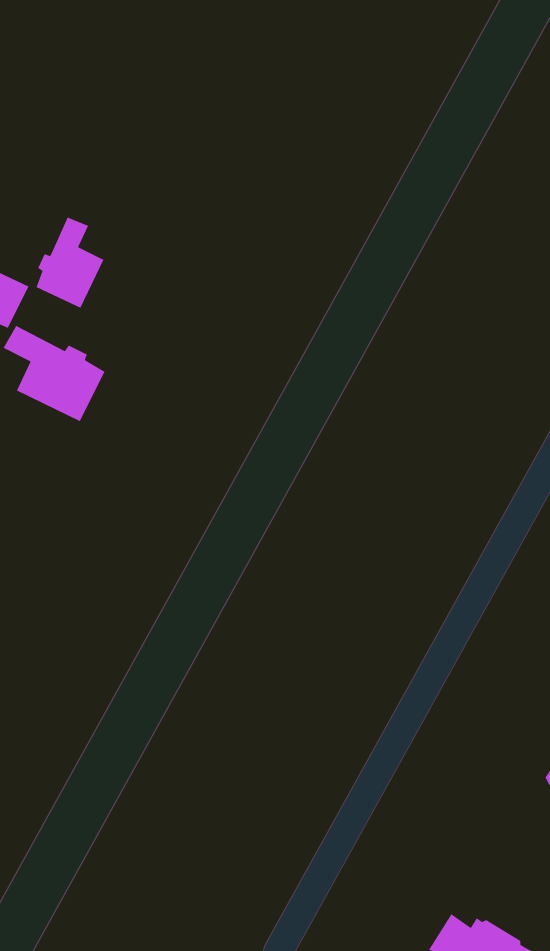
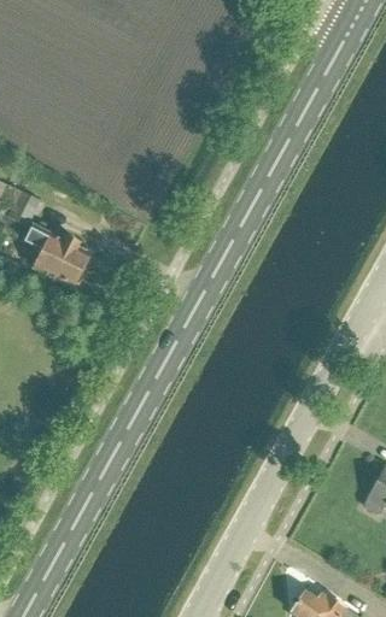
building: [36,217,105,309] -> none

